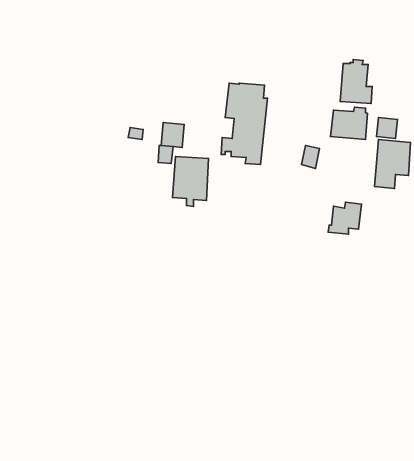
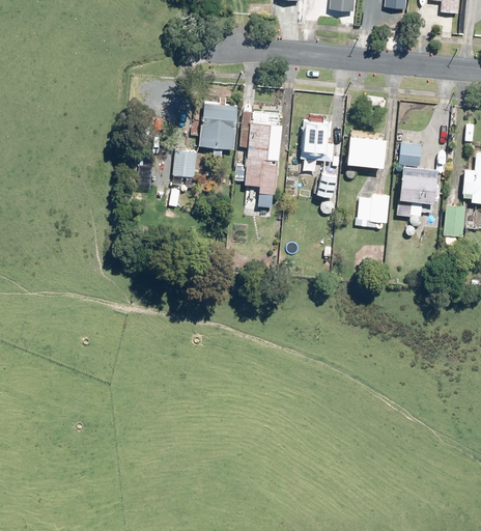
building: [340,59,372,103] -> [301,115,334,161]
building: [172,156,209,206] -> [200,104,237,156]
building: [328,202,361,234] -> [356,194,390,227]

